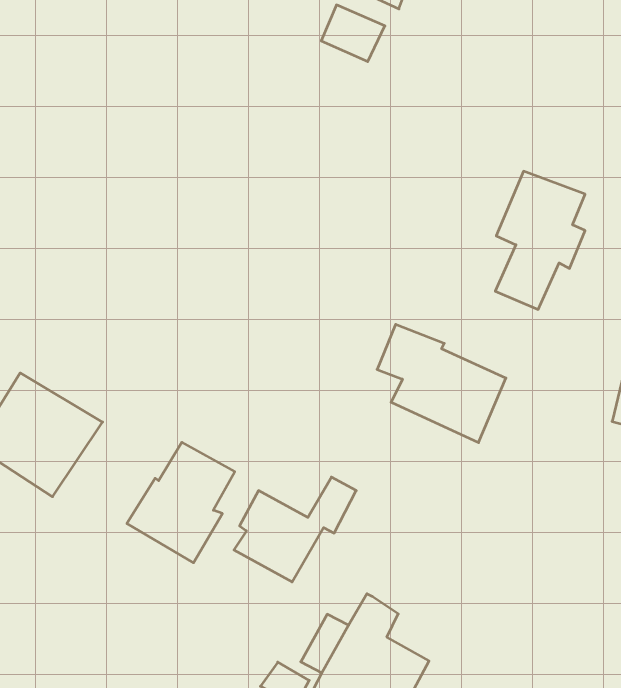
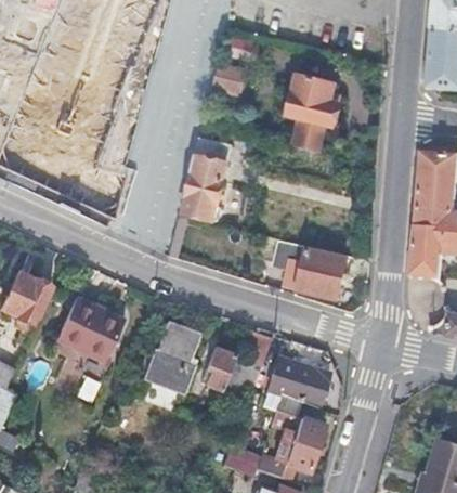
building: none -> [185,138,227,220]
building: [495,171,585,309] -> [285,75,335,152]
building: none -> [274,358,331,411]

